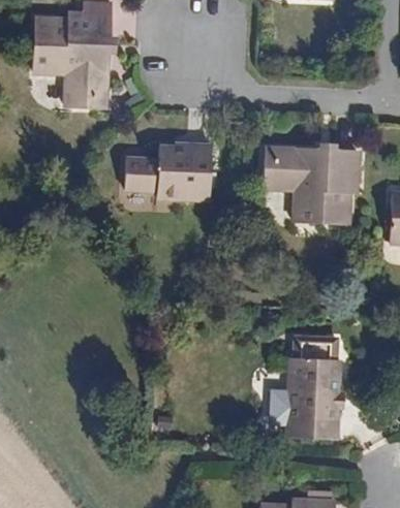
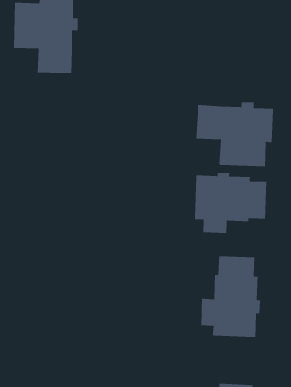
building: [123,141,213,203] -> none
building: none -> [194,172,267,234]

